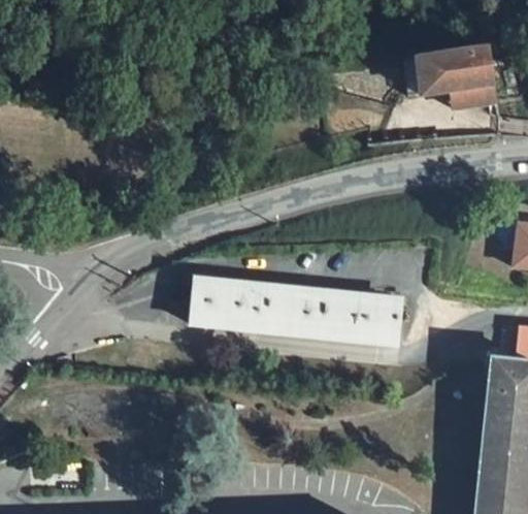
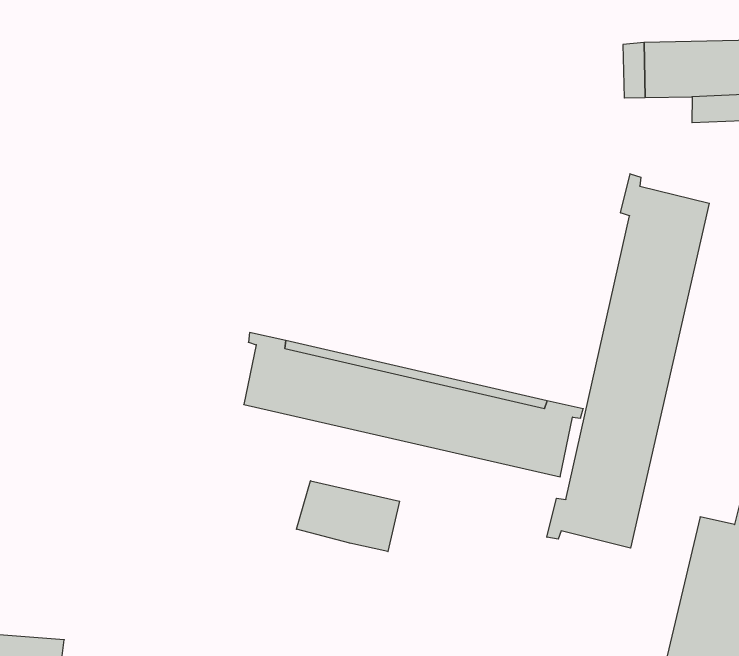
building: none -> [547,174,709,548]
building: none -> [296,481,400,552]

